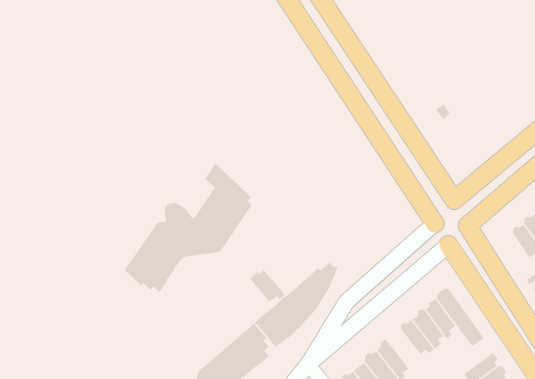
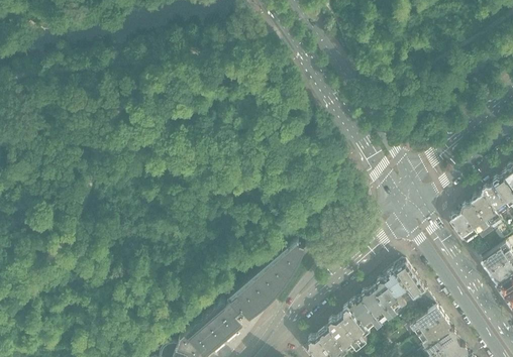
building: [124,163,252,293] -> none
building: none -> [450,213,478,242]
building: [249,269,286,303] -> none
building: none -> [348,299,382,332]
building: none -> [401,307,445,339]

